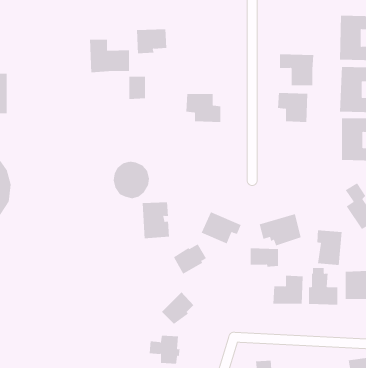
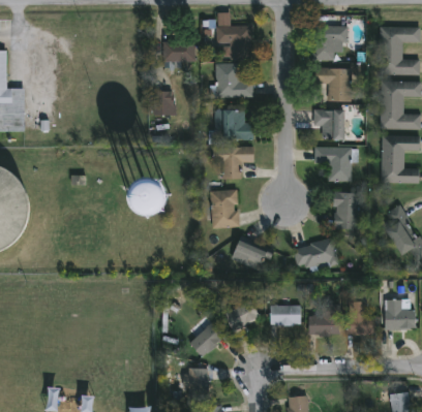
building: none -> [215,25,250,59]
building: none -> [311,25,348,60]
building: [89,39,129,73] -> none
building: none -> [214,63,252,97]
building: none -> [212,144,253,180]
building: none -> [313,146,358,181]
building: [142,202,170,239] -> [209,189,239,228]
building: [316,230,342,266] -> [332,192,360,230]
building: [173,244,207,275] -> [223,299,260,332]
building: [250,248,279,267] -> [270,305,301,325]

